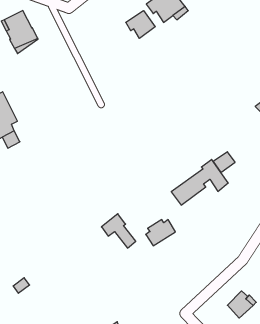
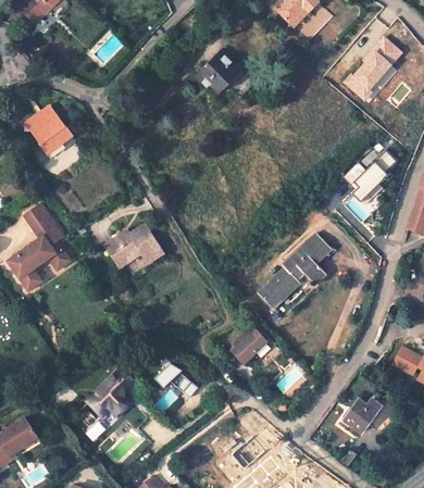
building: [126,11,155,38] -> none
building: none -> [104,224,164,264]
building: [101,214,136,248] -> [154,360,198,399]
building: none -> [88,368,132,415]

